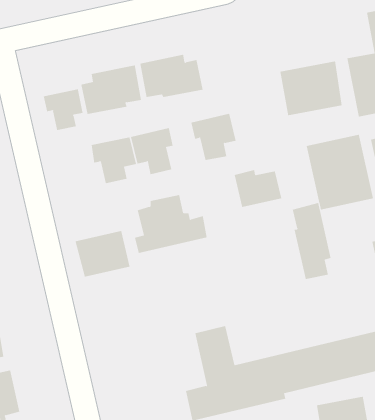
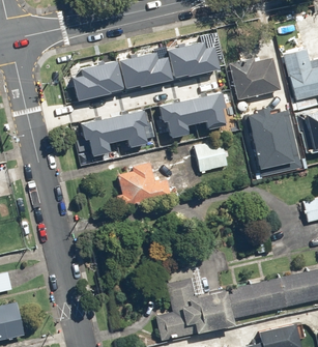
building: none -> [166,39,218,75]
building: [43,89,83,131] -> none
building: none -> [191,92,225,128]
building: [292,202,331,280] -> none
building: [75,230,130,277] -> none

